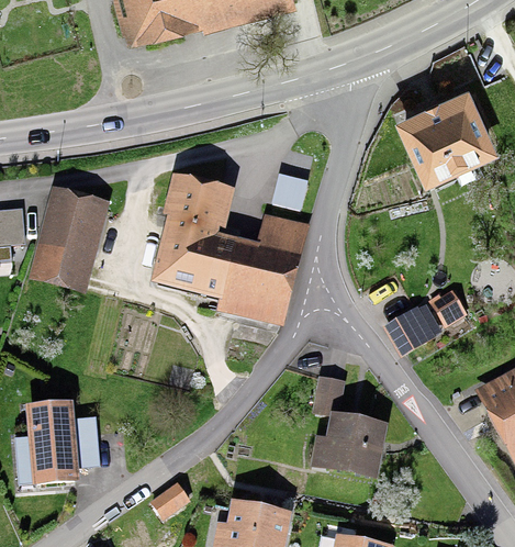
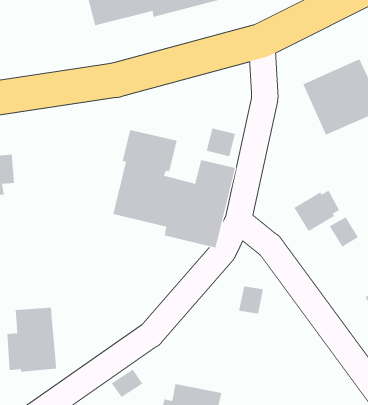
building: [30,185,111,292] -> none
building: [383,302,443,356] -> [294,190,340,232]
building: [311,412,389,478] -> none
building: [75,415,100,467] -> none

